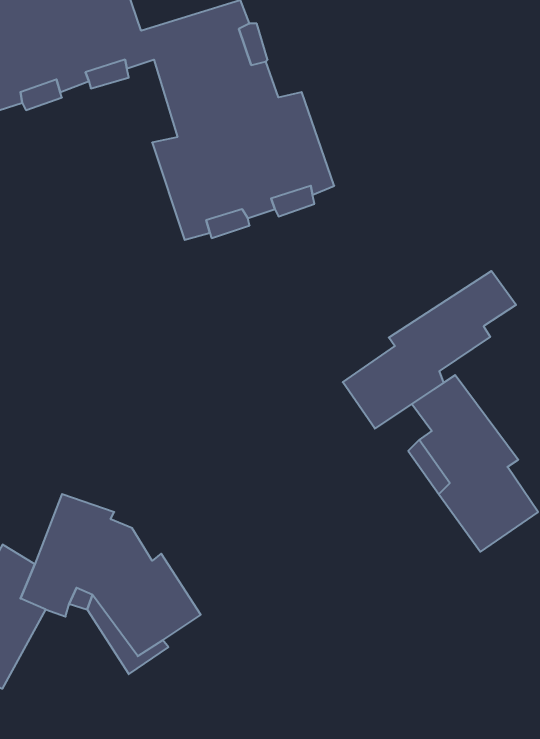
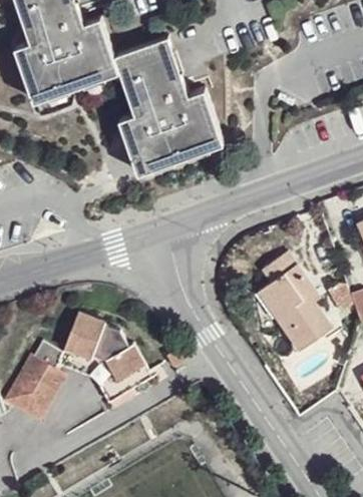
building: [343,271,516,429] -> none

